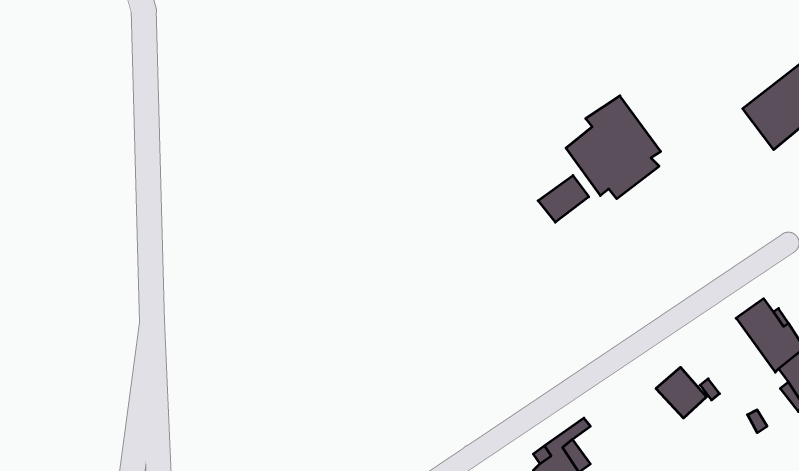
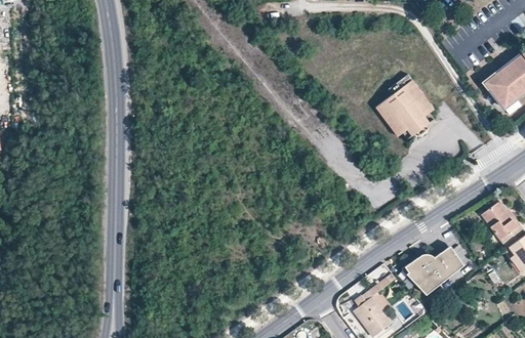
building: [538,175,589,222] -> none
building: none -> [404,253,449,296]

